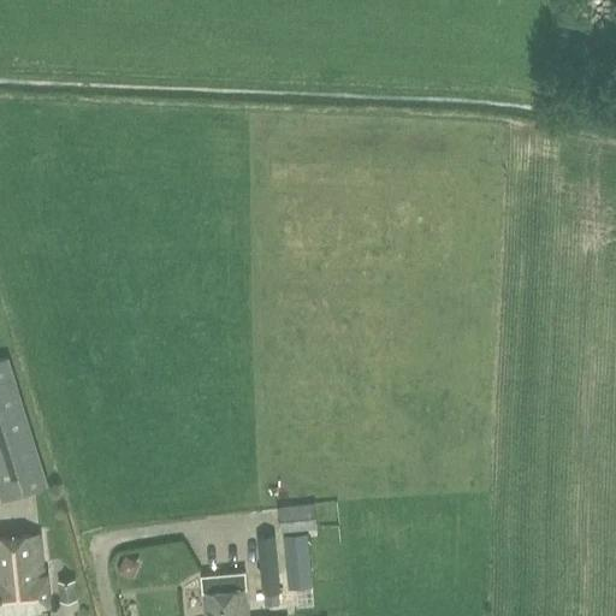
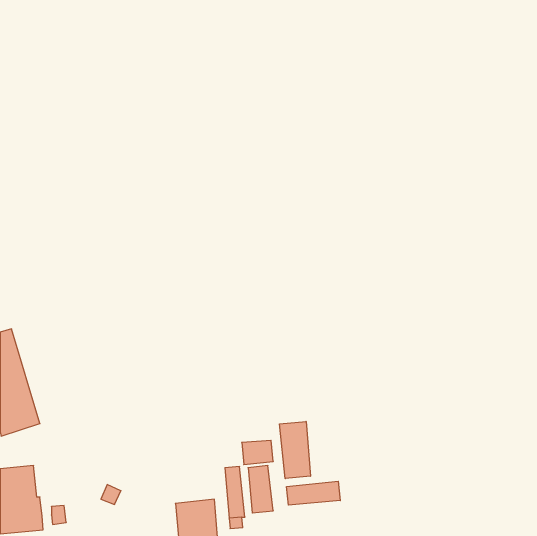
building: none -> [280,421,310,479]
building: none -> [287,481,340,505]

